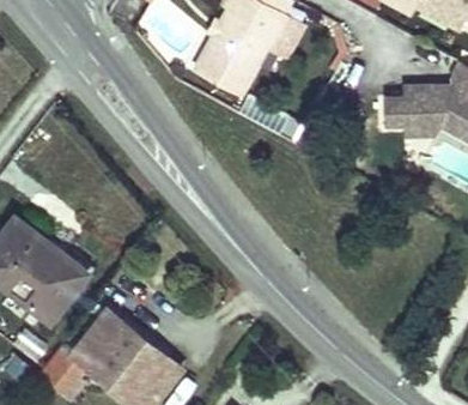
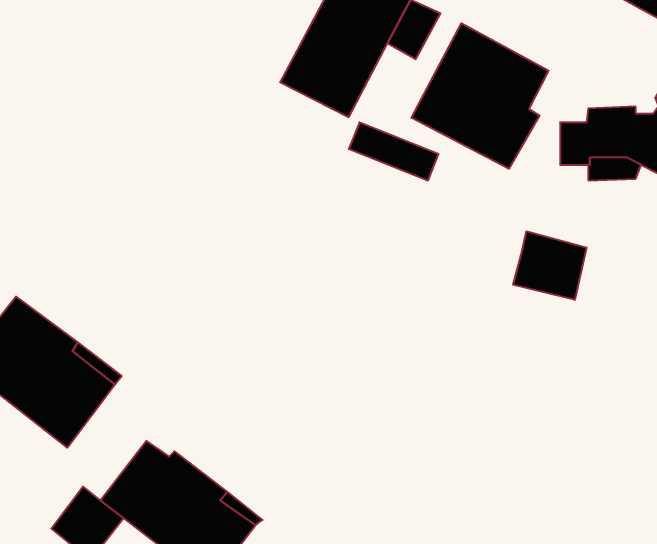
building: none -> [411,23,549,169]
building: none -> [513,231,587,300]

